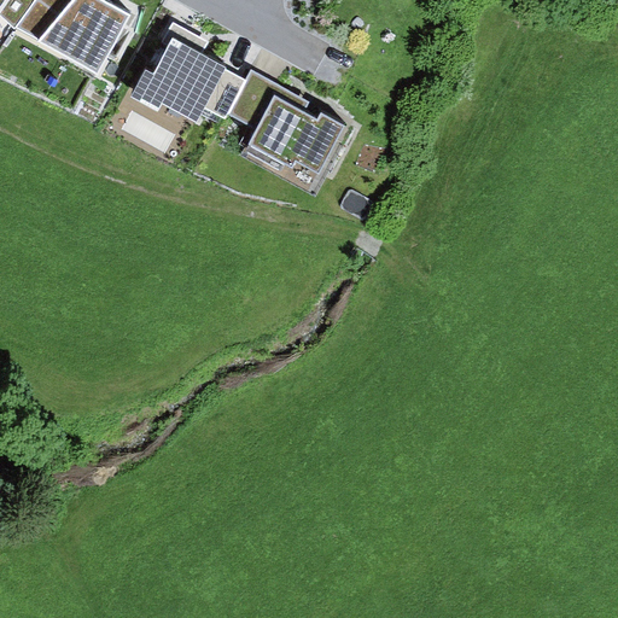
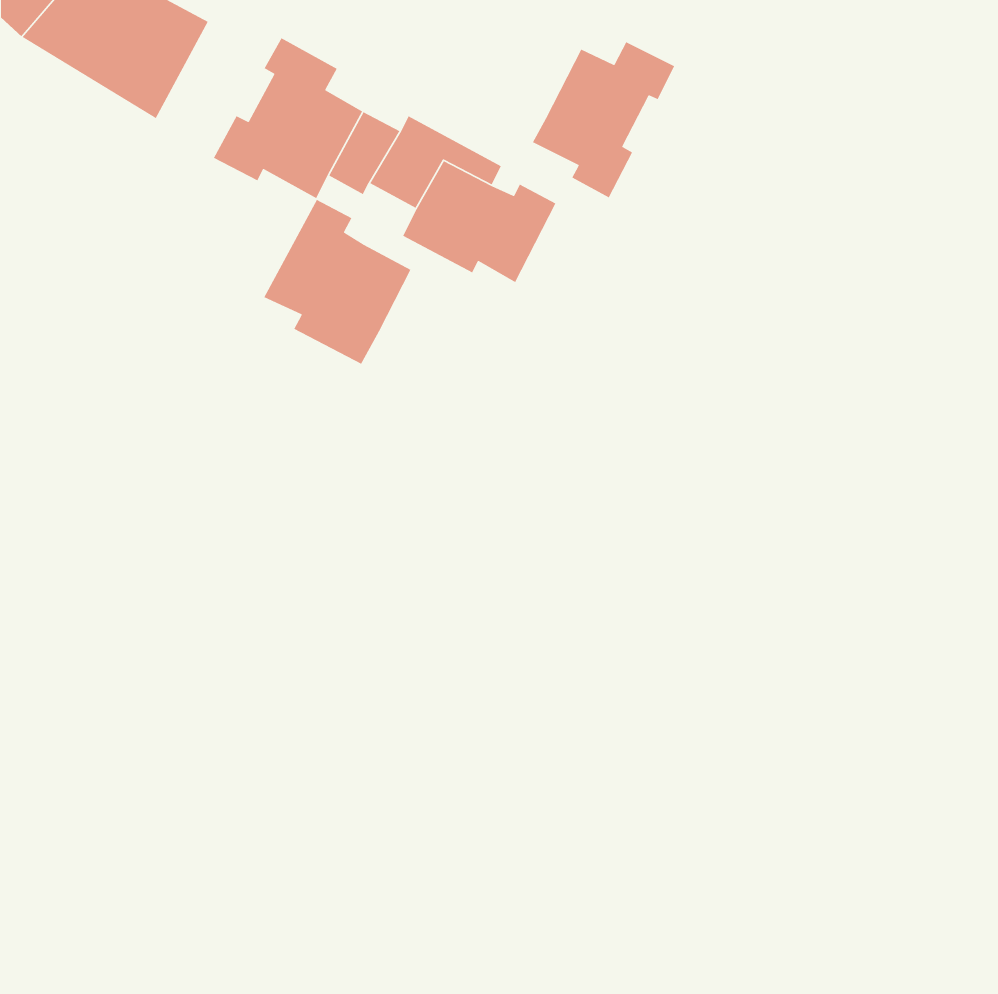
building: none -> [532,41,675,198]
building: none -> [263,199,411,365]

